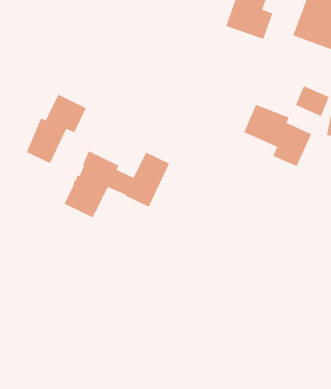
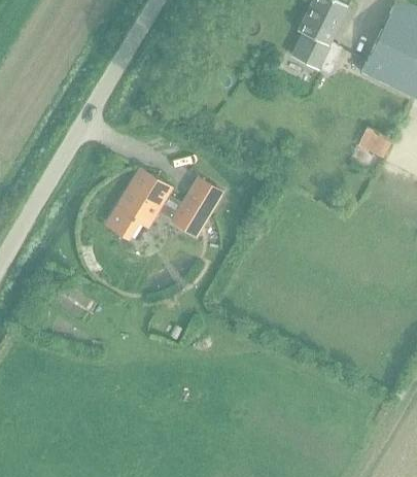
building: [26,94,86,164] -> none
building: [244,104,312,167] -> none

